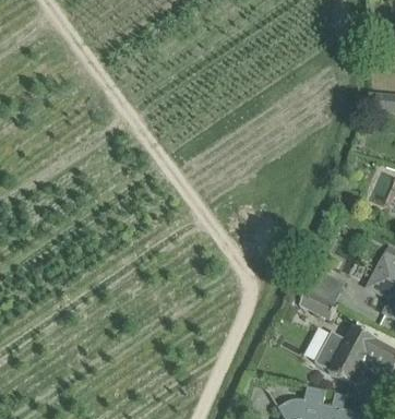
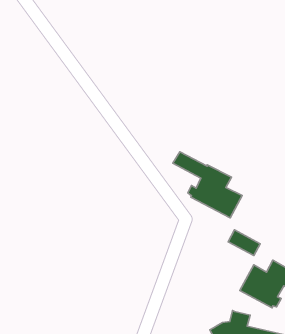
building: none -> [173,152,242,218]
building: [307,268,344,302] -> none

